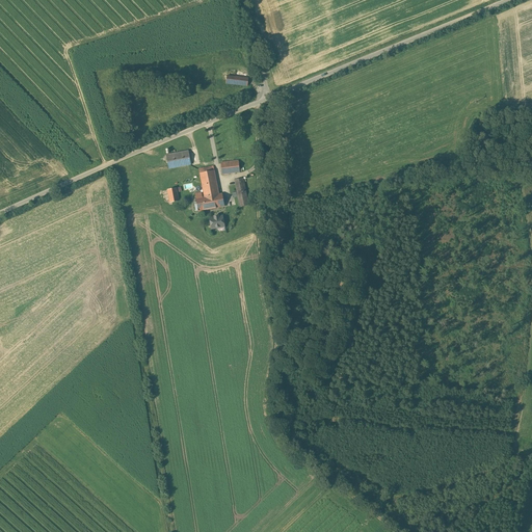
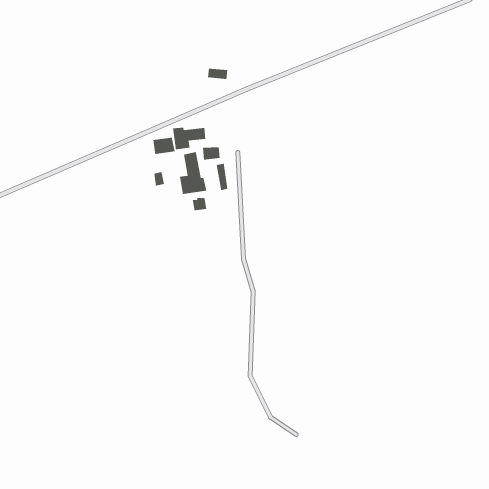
building: none -> [173,127,206,150]

